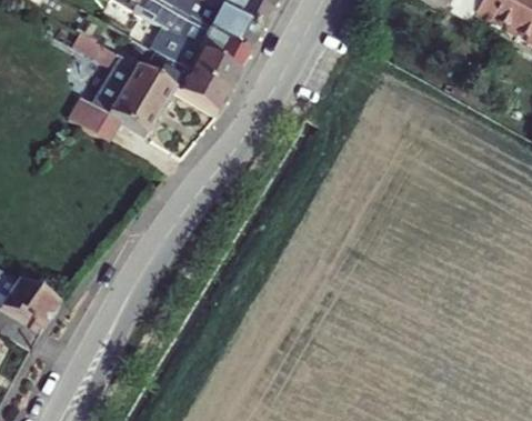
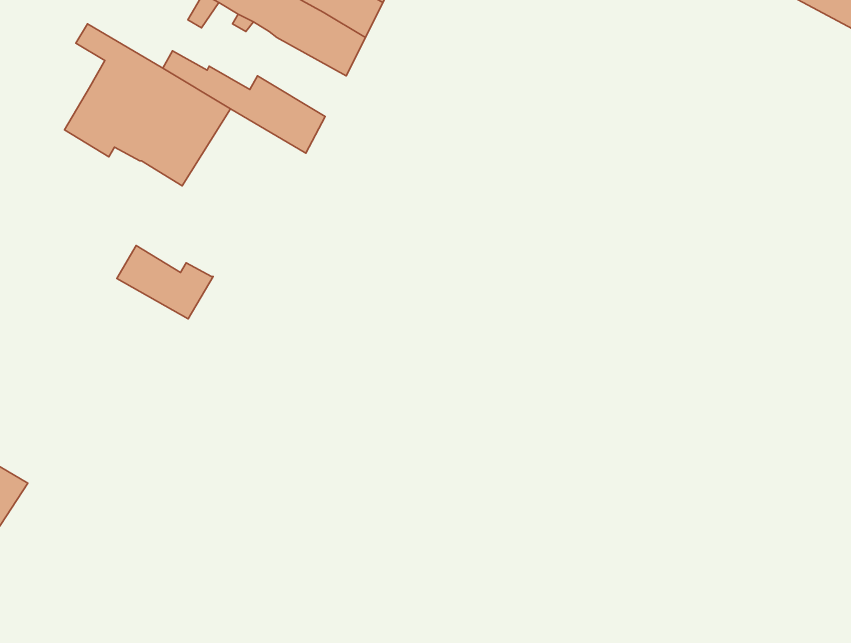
building: [167,43,240,91] -> none
building: [67,99,122,141] -> [117,246,213,319]

